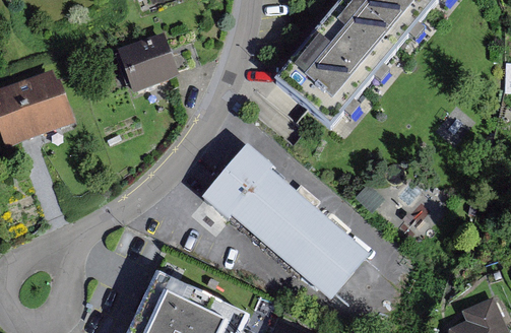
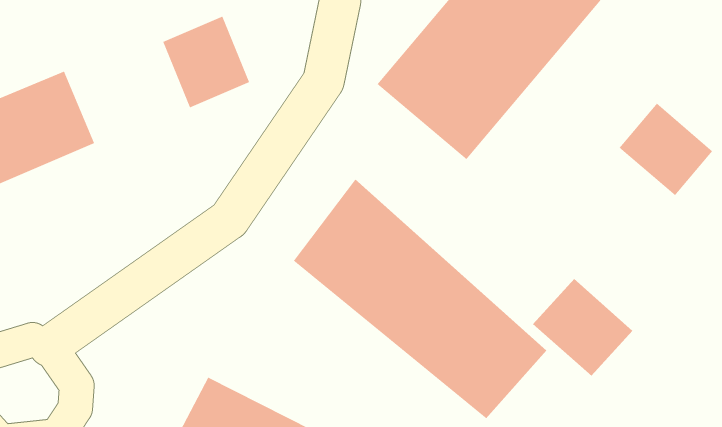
building: none -> [619,103,713,196]
building: none -> [532,278,633,377]

